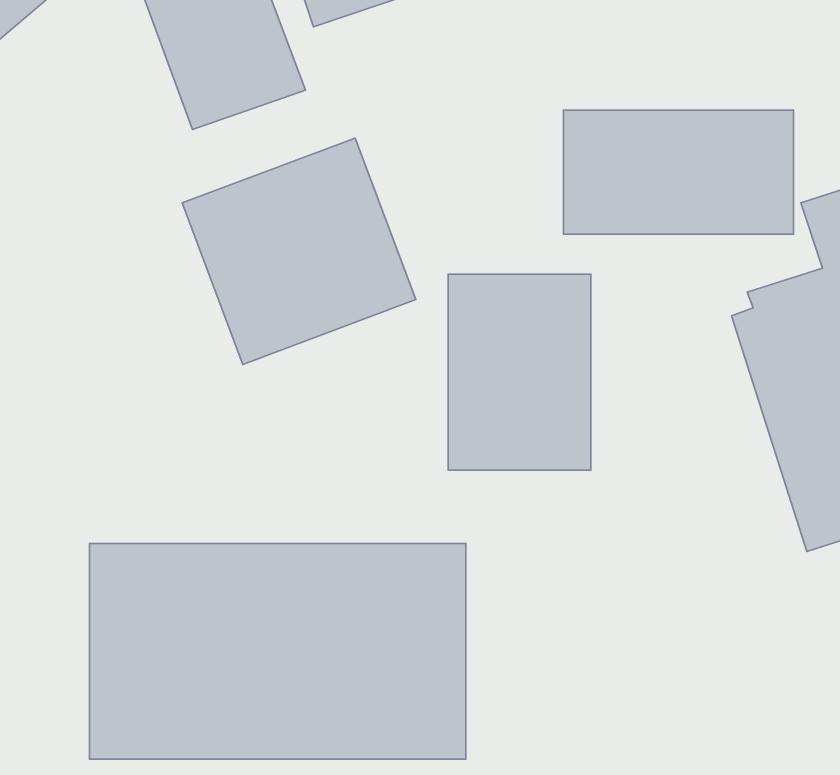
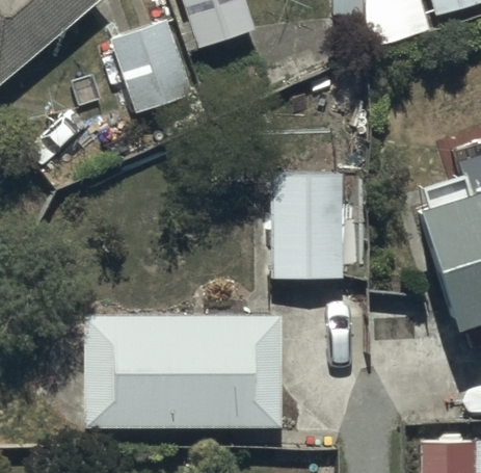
building: [563,110,794,234] -> none
building: [182,138,416,364] -> none

